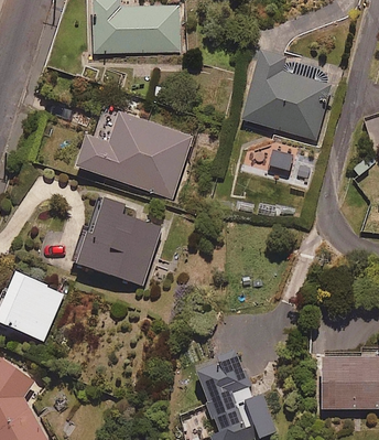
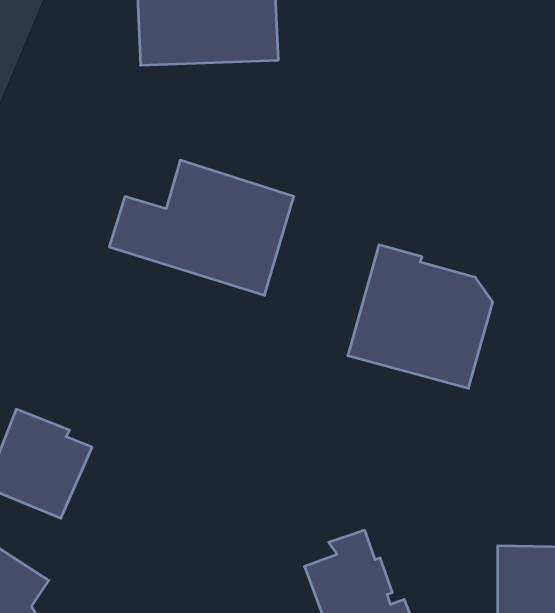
building: [239,49,332,140] -> [348,245,493,388]
building: [72,198,159,286] -> none

